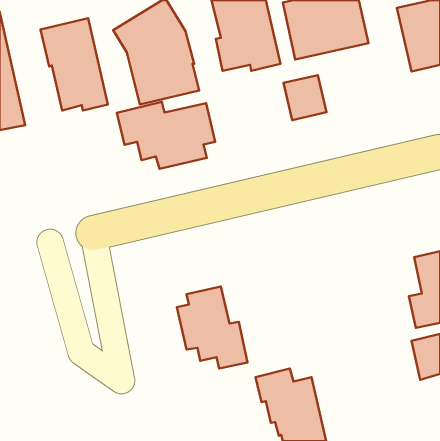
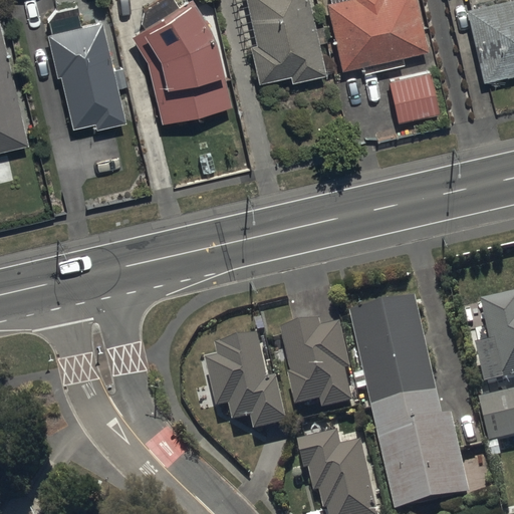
building: [283,75,327,120] -> [389,70,439,122]
building: [117,102,215,169] -> none
building: none -> [350,295,470,509]
building: none -> [281,319,352,409]

